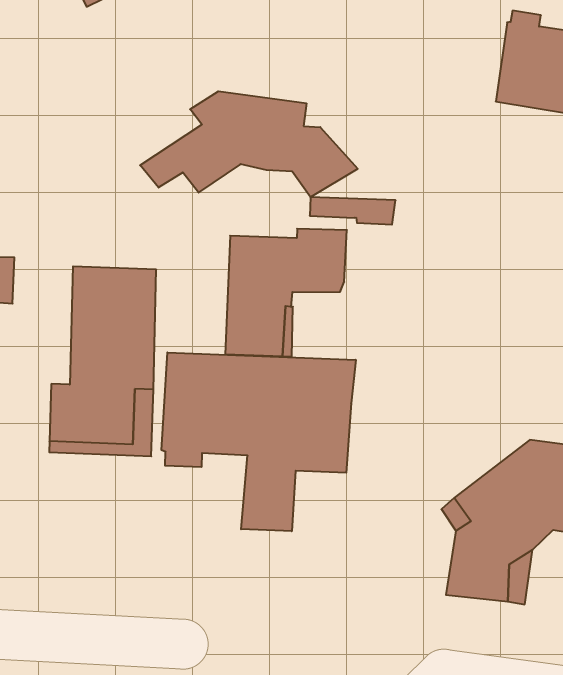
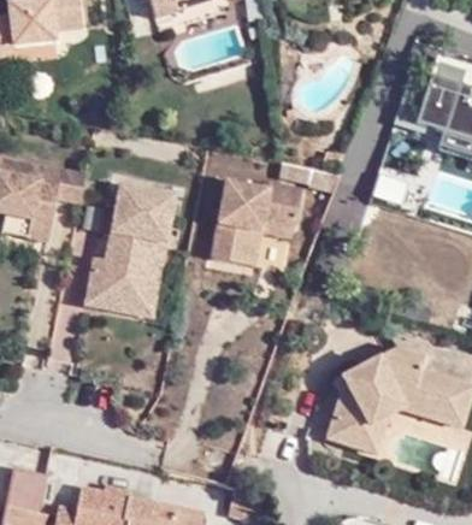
building: [140,91,358,197] -> none
building: [161,352,356,531] -> none

